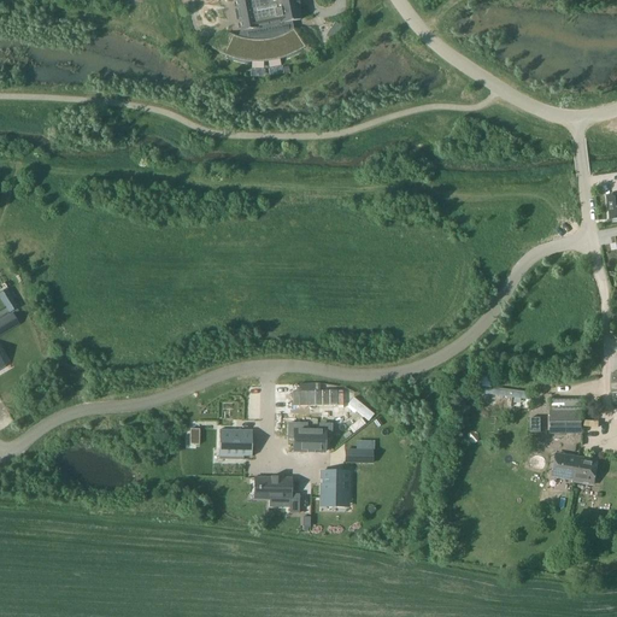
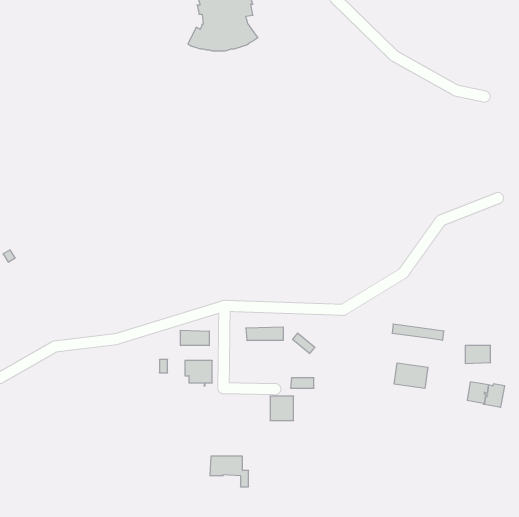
building: none -> [181,330,209,346]
building: [294,428,324,451] -> none
building: none -> [394,363,428,388]
building: [253,475,299,511] -> [210,456,249,487]

